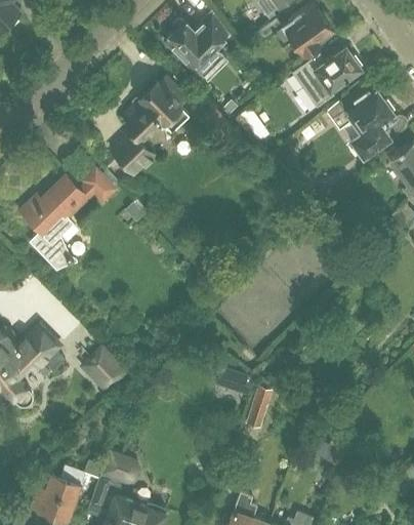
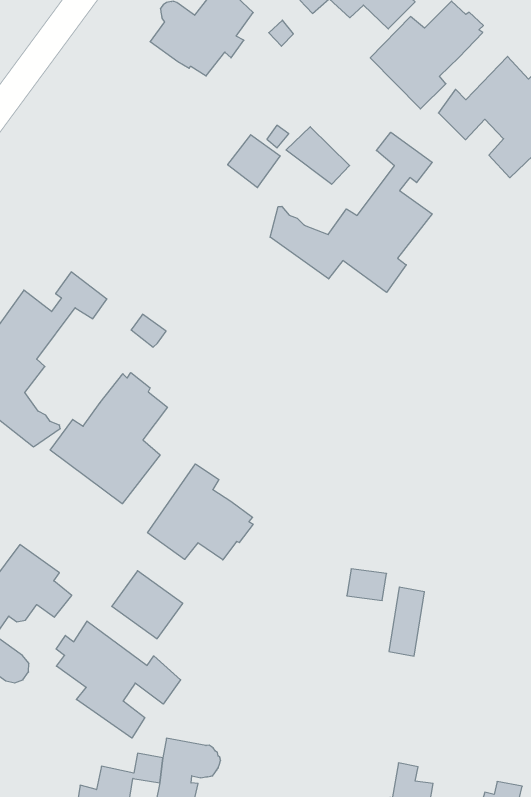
building: [112,78,189,174] -> none
building: none -> [270,132,432,292]
building: none -> [50,373,167,504]
building: none -> [148,464,253,560]
building: none -> [56,621,181,738]

